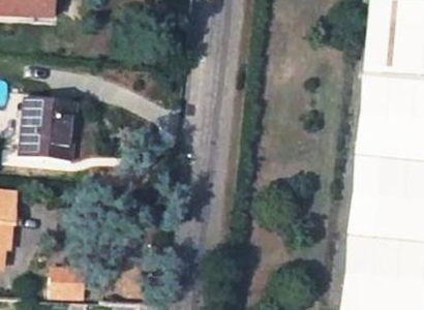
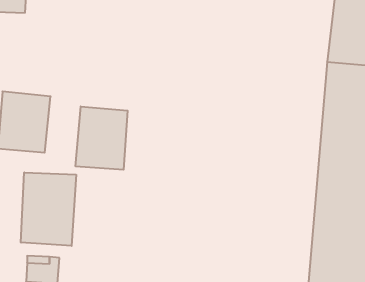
building: none -> [76,106,128,170]
building: none -> [21,172,76,246]

